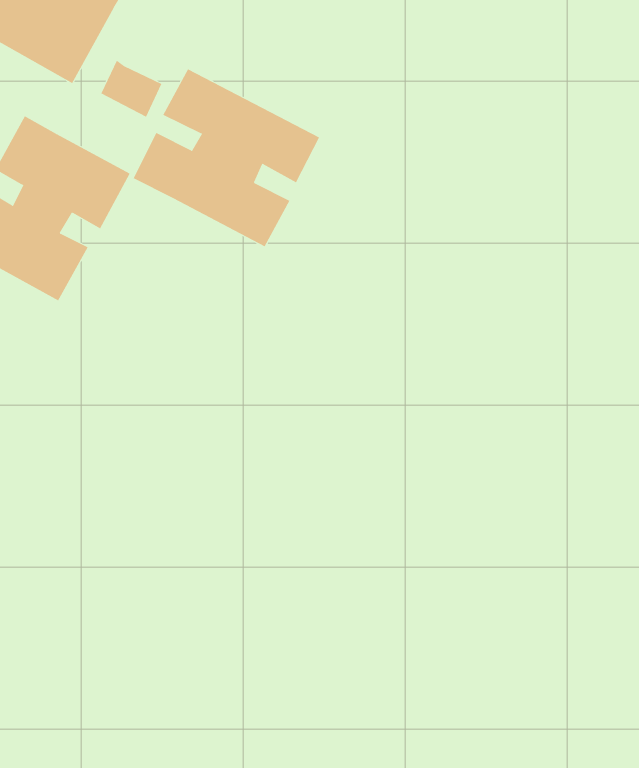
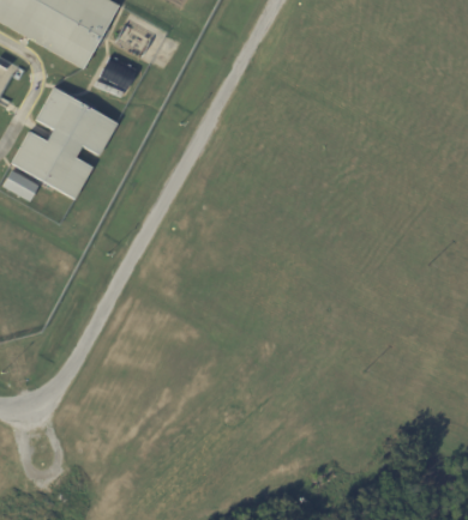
building: [133,68,320,247] -> none

